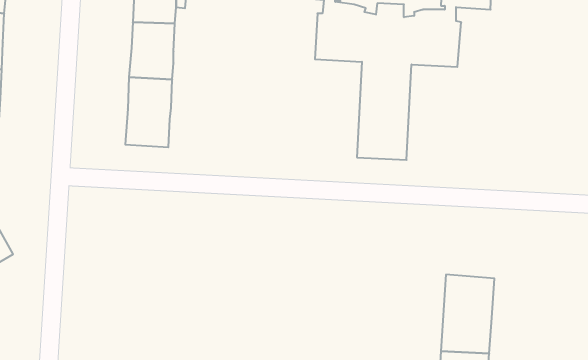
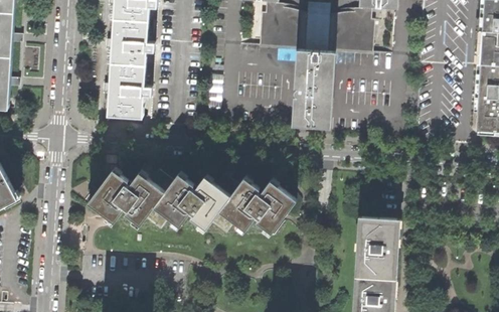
building: none -> [88,165,296,235]

